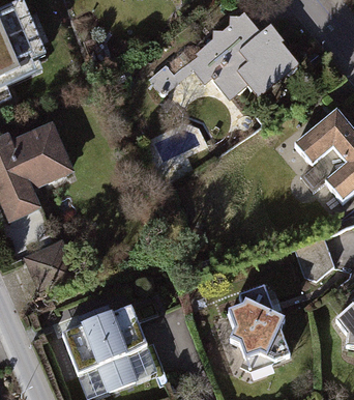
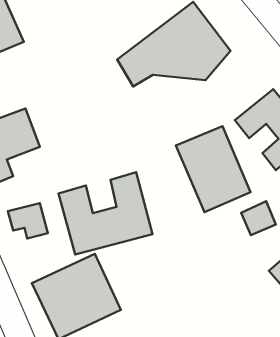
building: none -> [176,126,250,212]
building: none -> [58,172,152,254]
building: [222,298,289,374] -> none

